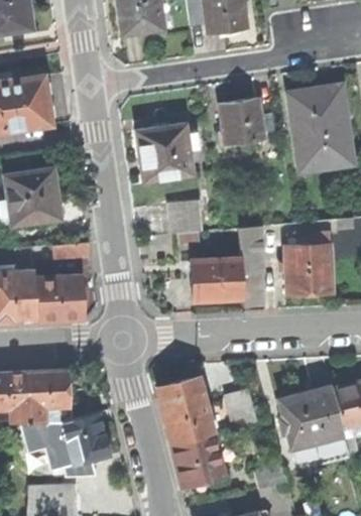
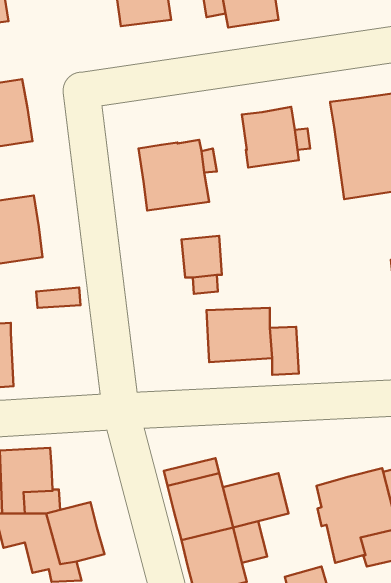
building: [239,226,262,273] -> none
building: [286,234,331,293] -> none
building: [34,275,83,319] -> none

